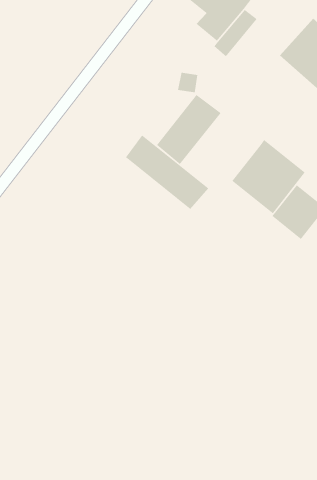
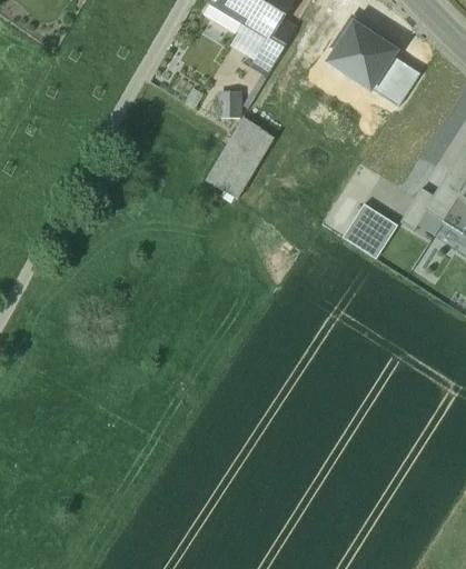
building: [125,135,209,210] -> none
building: [232,139,306,214] -> none

